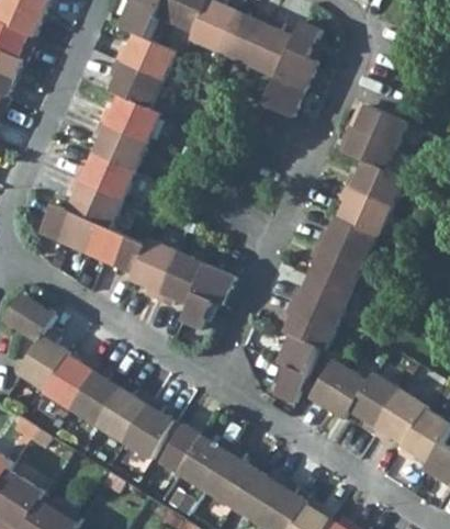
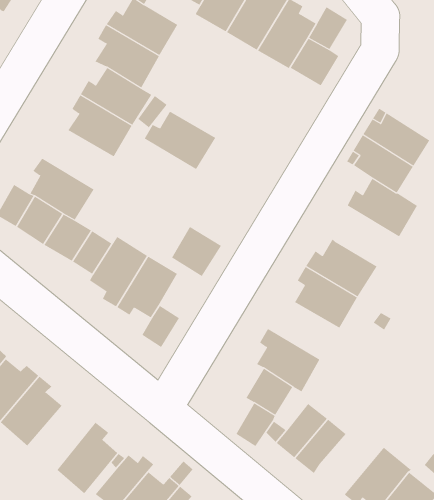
building: [265,77,305,117] -> none
building: [76,155,137,202] -> [144,111,216,170]
building: [334,188,389,237] -> none
building: [192,265,234,306] -> [171,226,222,277]
building: [286,275,348,322] -> none
building: [347,372,398,434] -> none
building: [95,390,150,444] -> none

